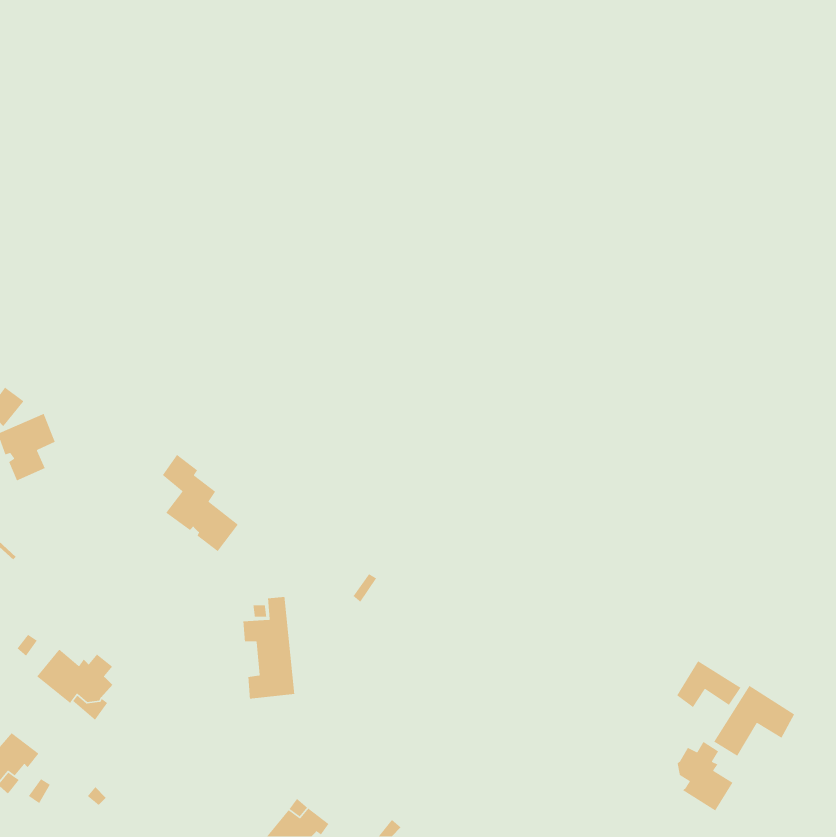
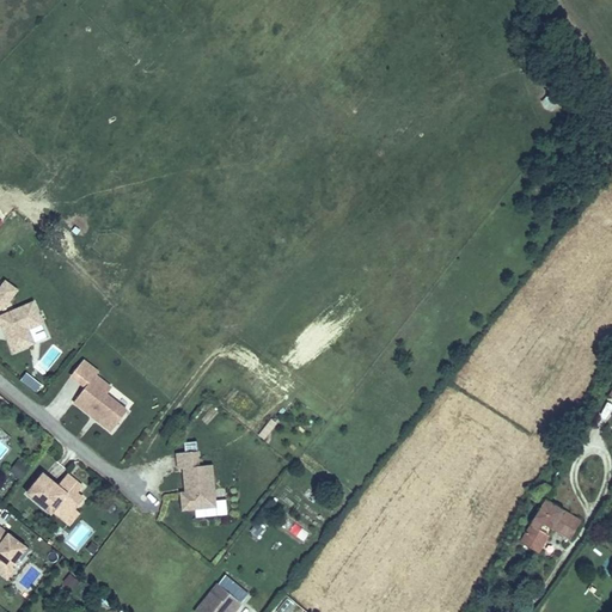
building: [162,454,239,552] -> [71,360,127,432]
building: [676,660,741,708] -> none
building: [677,741,734,812] -> none

